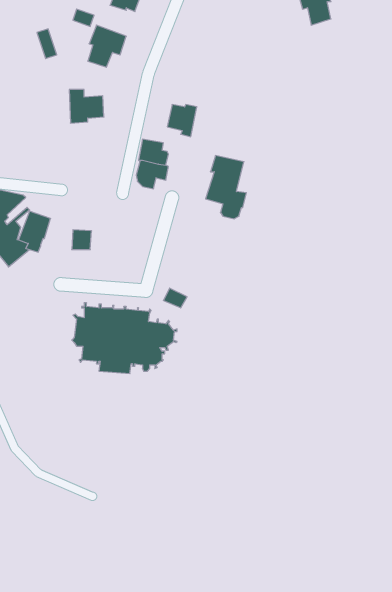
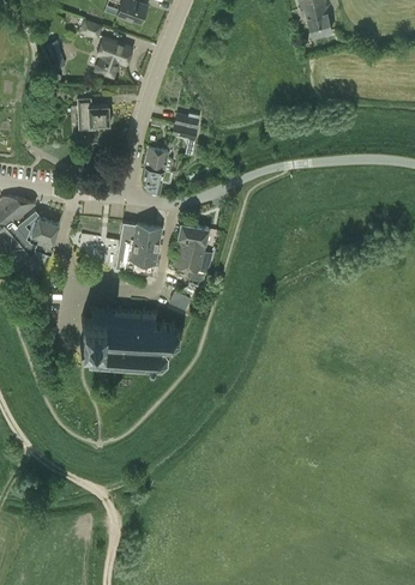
building: [206,156,246,219] -> [172,221,211,282]
building: none -> [114,219,161,273]

